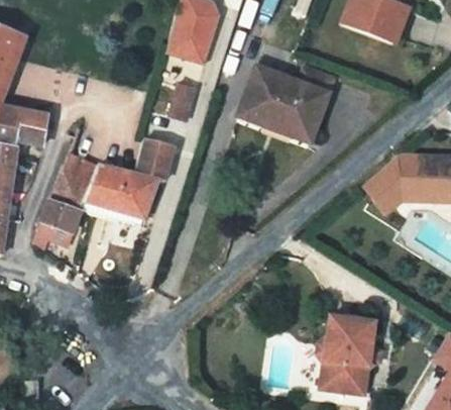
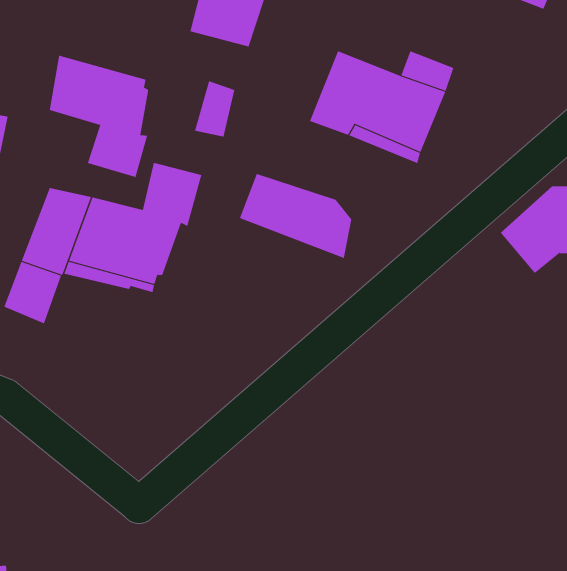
building: none -> [49,55,149,178]
building: none -> [239,173,352,259]
building: [318,318,377,392] -> none

